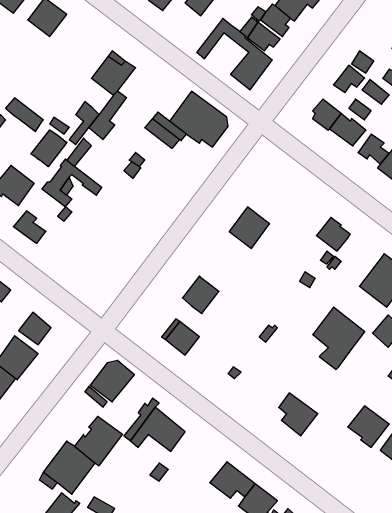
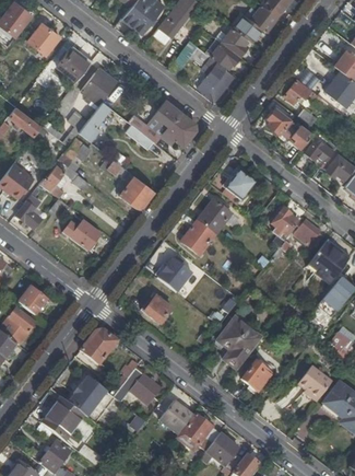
building: none -> [57,46,92,81]
building: [31,130,67,167] -> none
building: none -> [224,170,255,200]
building: none -> [118,176,154,211]
building: none -> [293,218,320,248]
building: none -> [184,220,215,256]
building: none -> [63,222,100,251]
building: [313,307,365,369] -> [216,317,260,370]
building: none -> [159,400,191,433]

